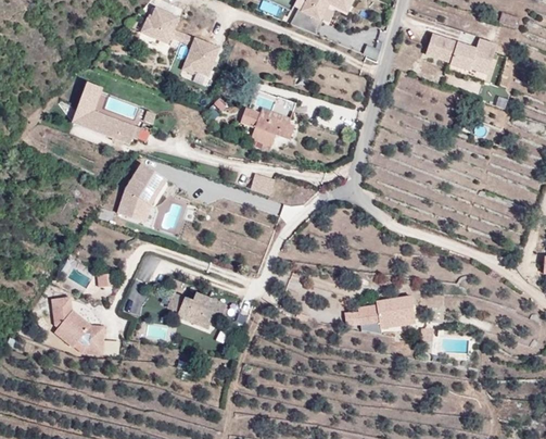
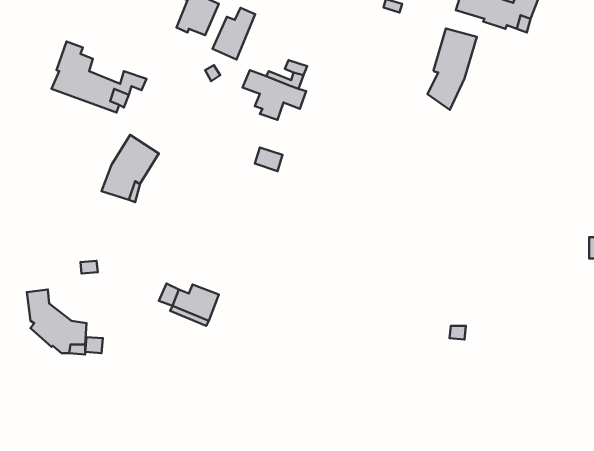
building: none -> [213,8,255,59]
building: none -> [427,28,477,110]
building: [343,296,414,334] -> none

